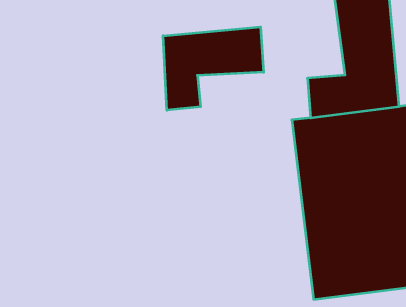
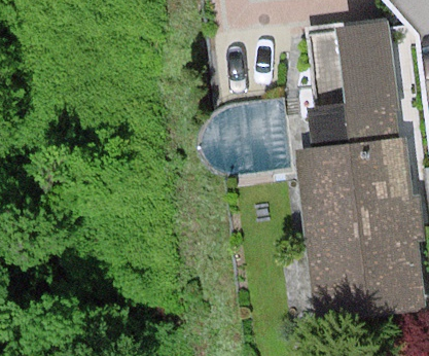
building: [163,27,264,110] -> none

